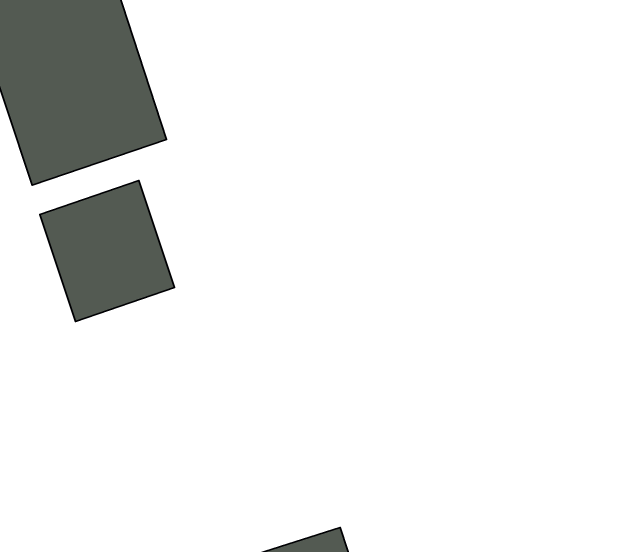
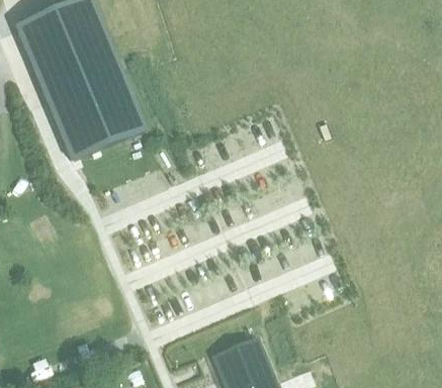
building: [40,180,175,321] -> none

